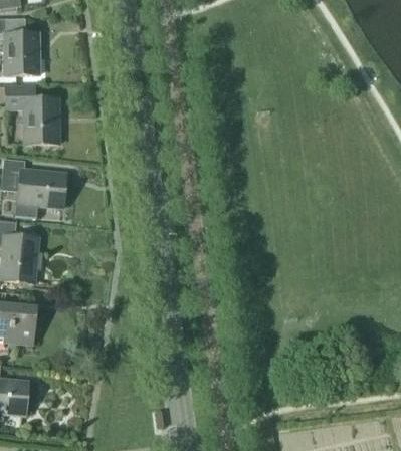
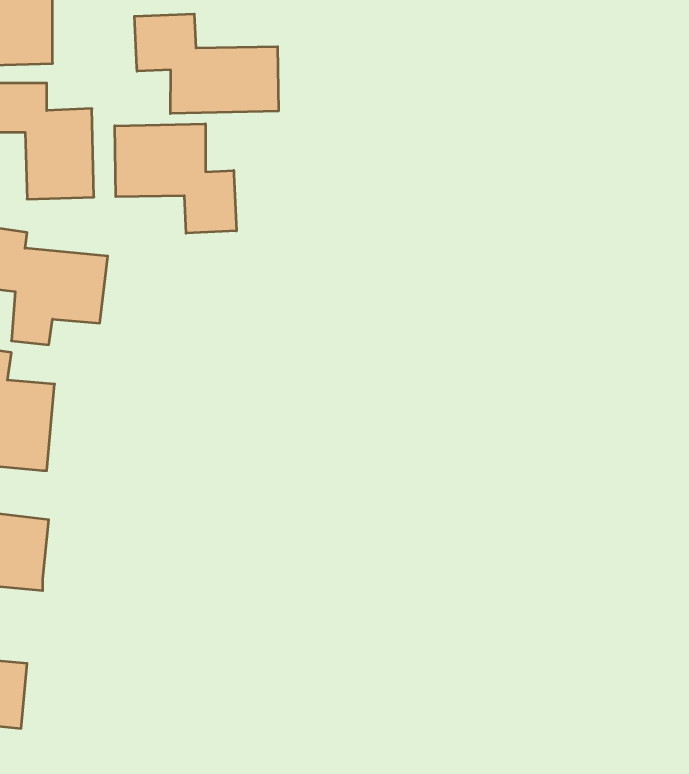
building: none -> [134,14,278,114]
building: none -> [115,124,236,233]

